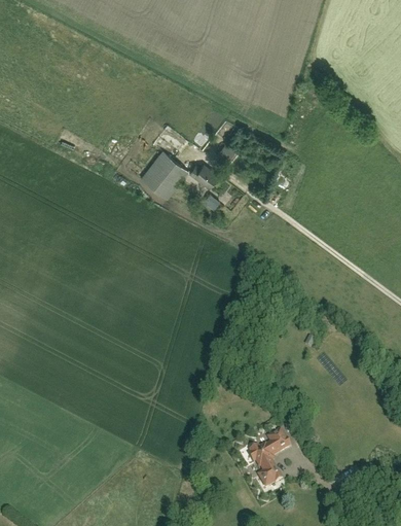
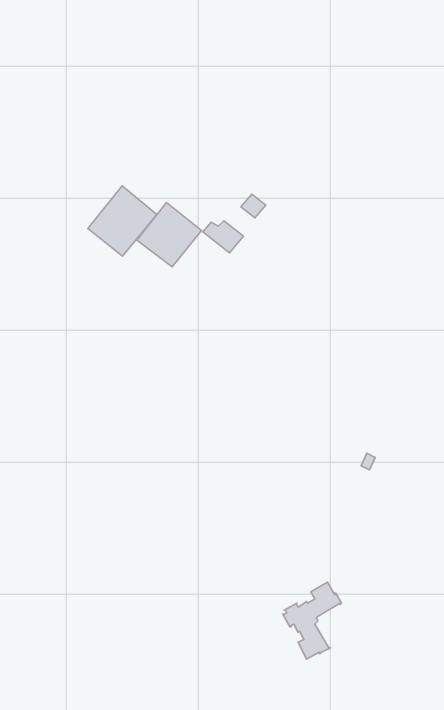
building: none -> [88,186,157,256]

